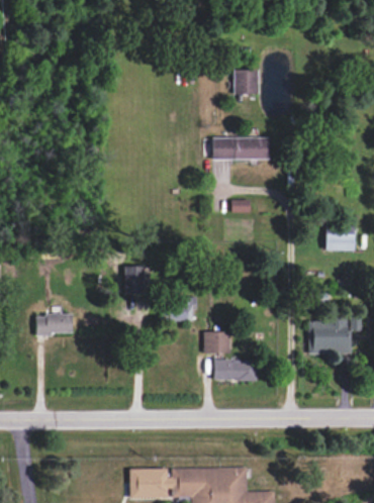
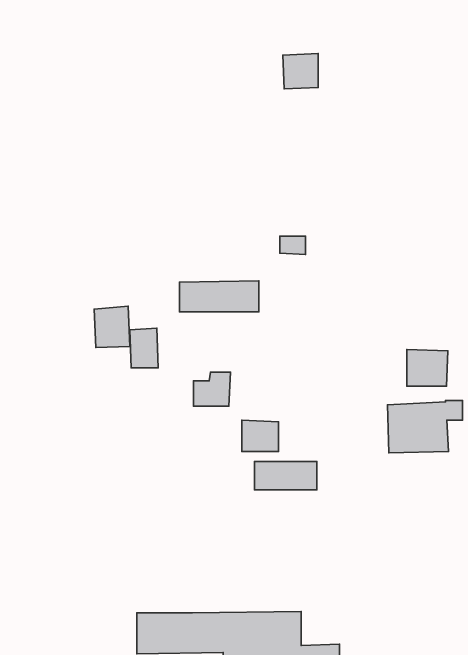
building: [212,137,269,160] -> [180,281,259,312]
building: [325,224,355,250] -> [407,349,448,386]
building: none -> [94,306,130,348]
building: [36,314,73,334] -> none

